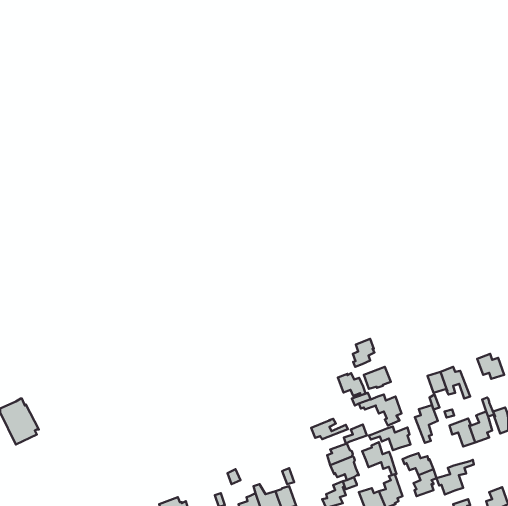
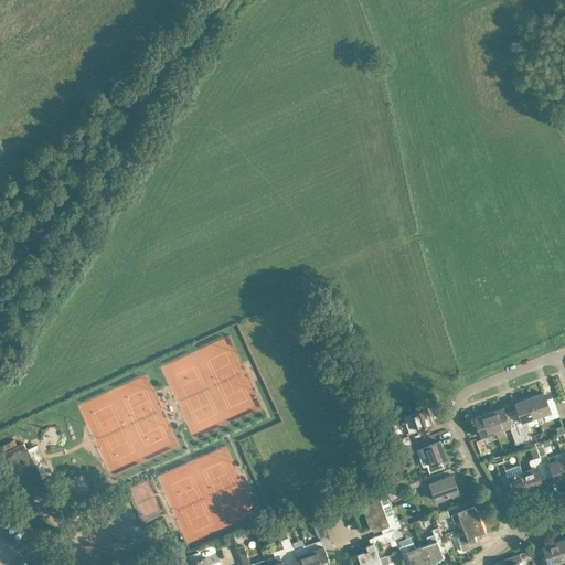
building: [353,339,375,367] -> none
building: [338,373,366,396] -> none
building: [415,405,438,443] -> [511,401,536,443]
building: [311,419,348,439] -> none
building: [362,442,397,475] -> none
building: [436,460,474,494] -> none

